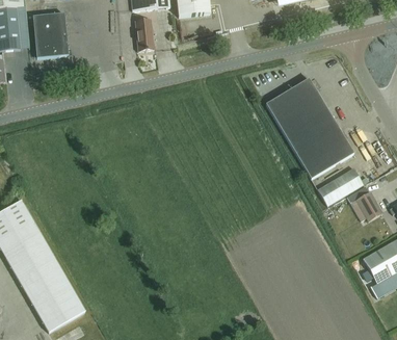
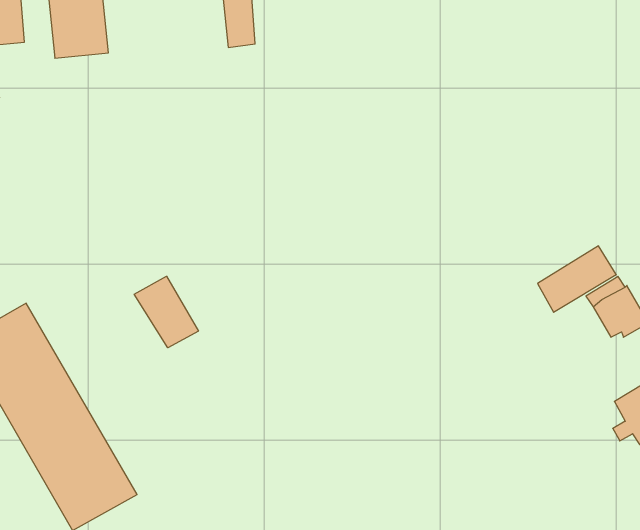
building: [266,78,354,179] -> none
building: none -> [134,276,198,348]

